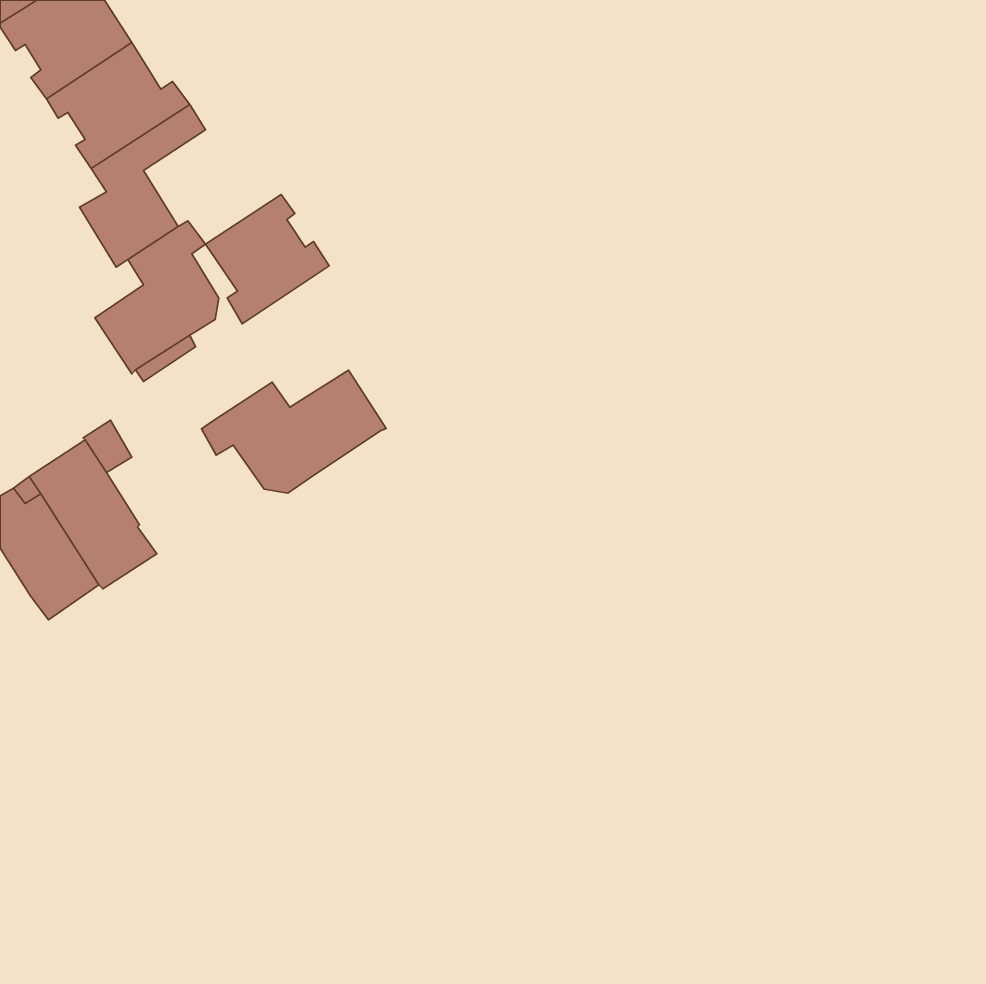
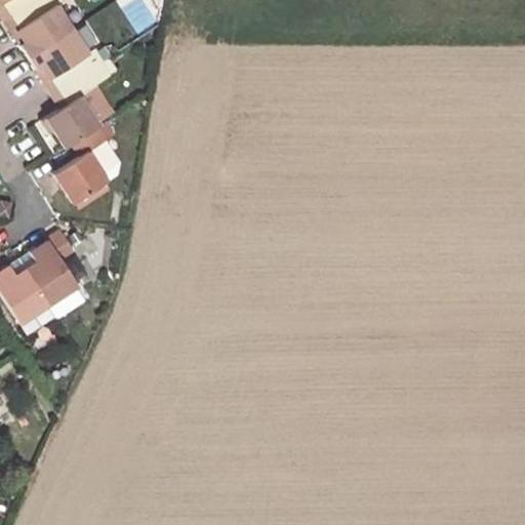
building: [205,194,329,324] -> none
building: [202,370,386,493] -> none

